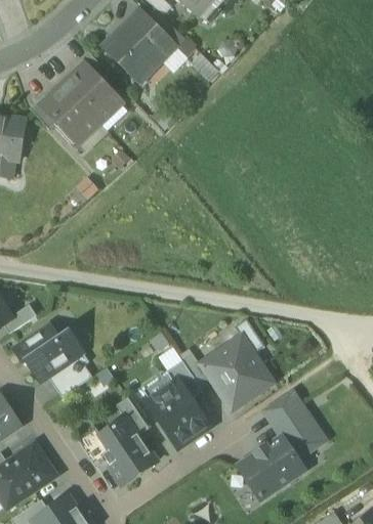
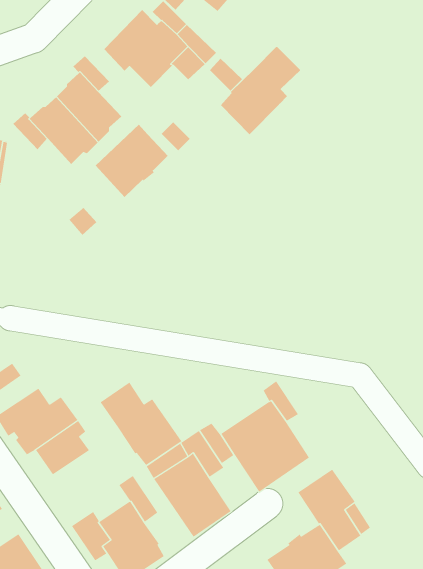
building: none -> [220,46,301,135]
building: none -> [95,124,169,198]
building: none -> [100,382,182,466]

